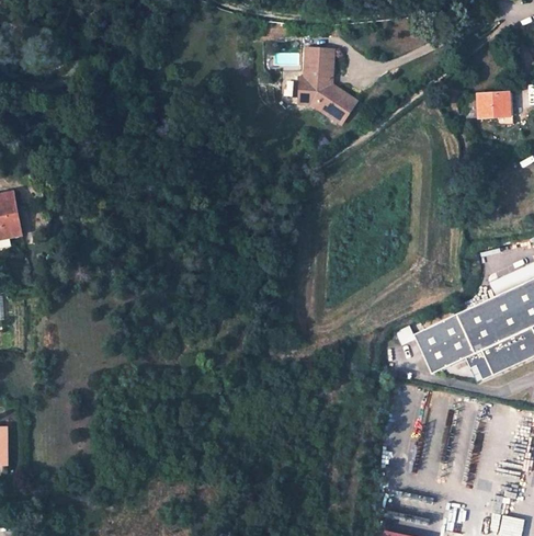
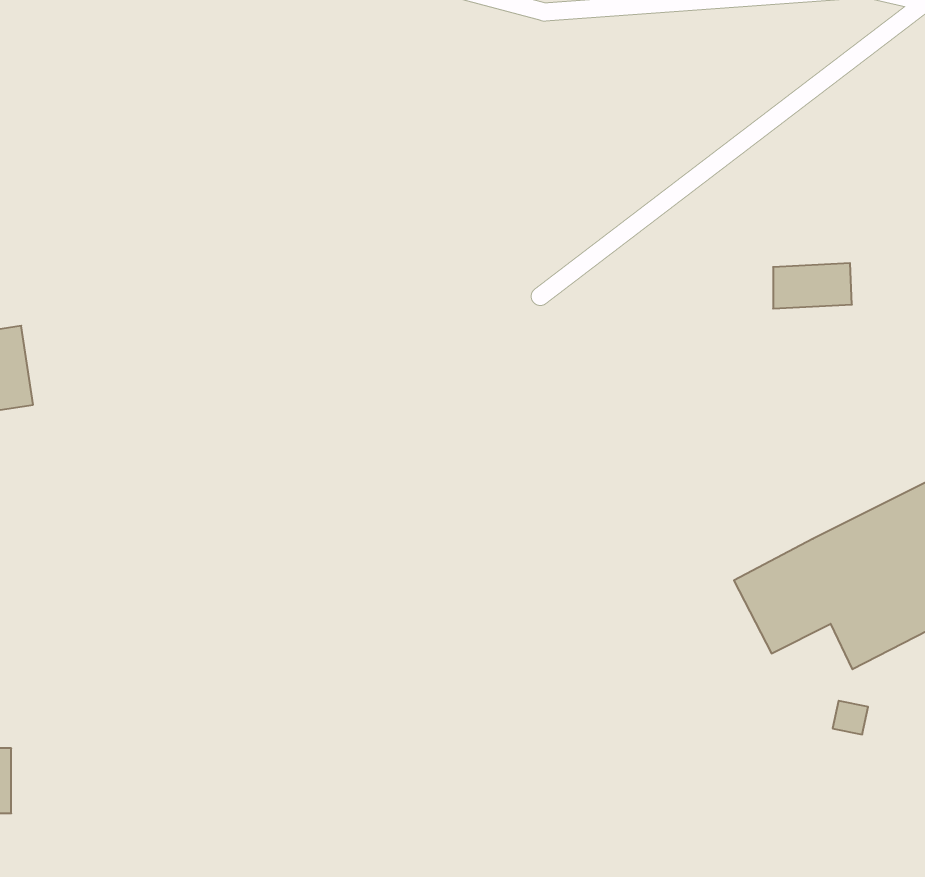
building: [295,45,352,124] -> none
building: [466,94,510,119] -> [773,263,852,309]

